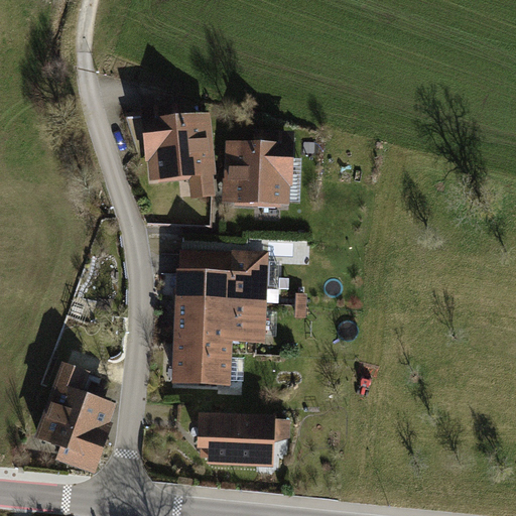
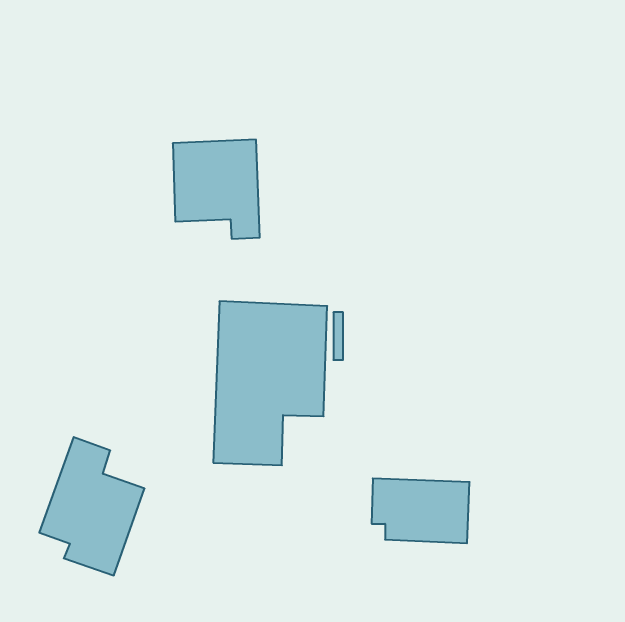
building: [221,139,292,205] -> none
building: [197,412,277,466] -> [372,478,470,543]

